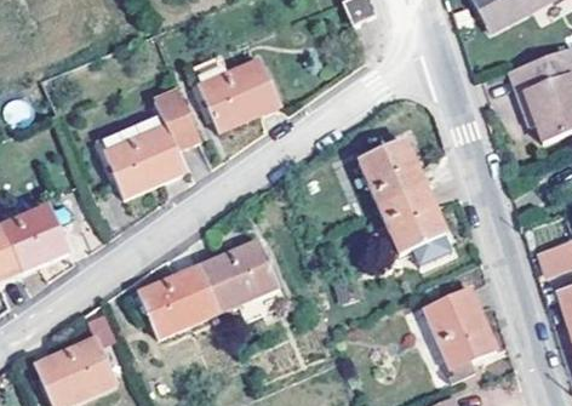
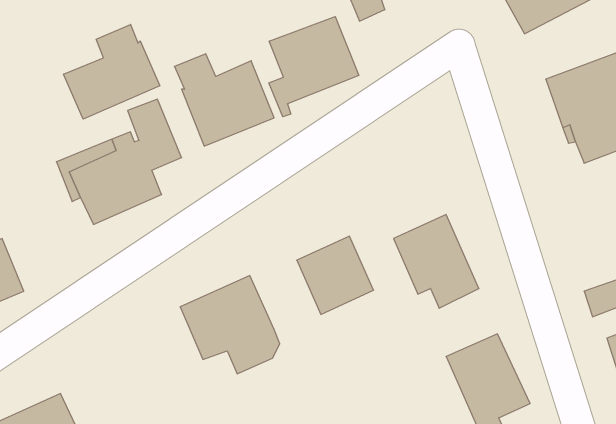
building: none -> [269,17,359,117]
building: none -> [64,24,160,119]
building: [359,141,424,207] -> [297,236,374,314]
building: [137,265,217,338] -> none

